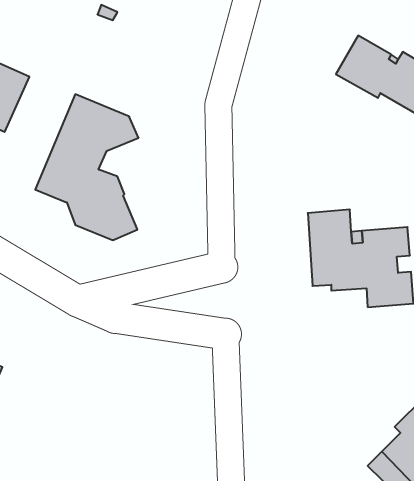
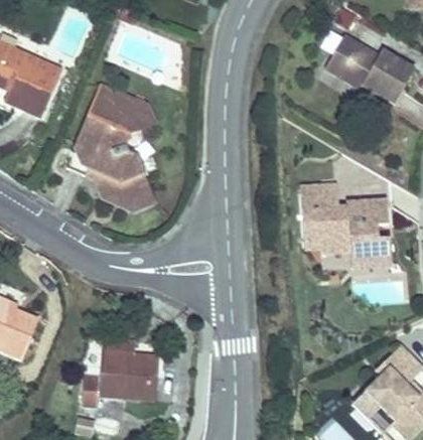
building: none -> [82,350,158,405]

